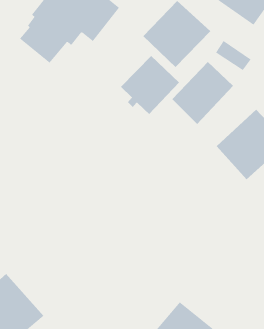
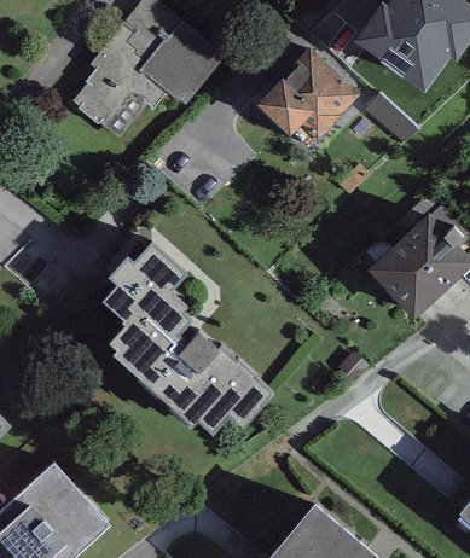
building: [120,55,180,115] -> none
building: [172,61,234,125] -> none
building: none -> [101,242,274,432]

